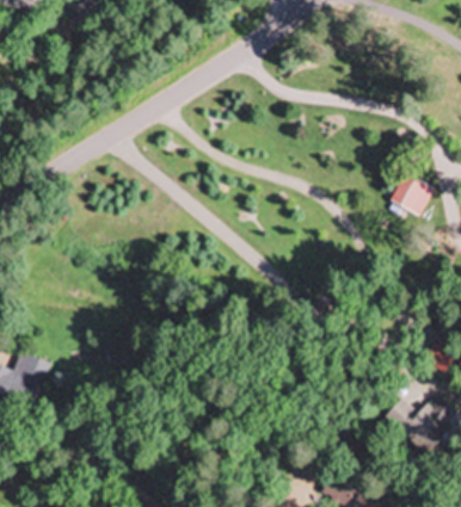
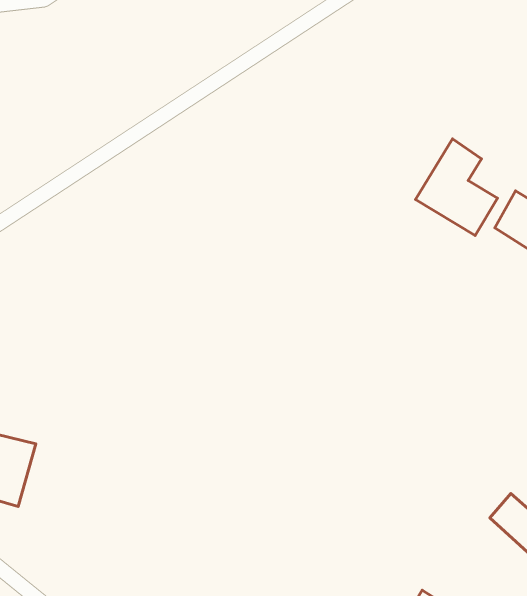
building: none -> [415,139,498,236]

